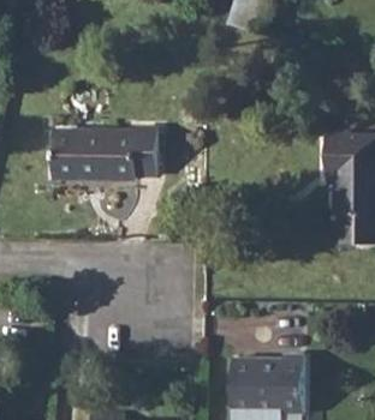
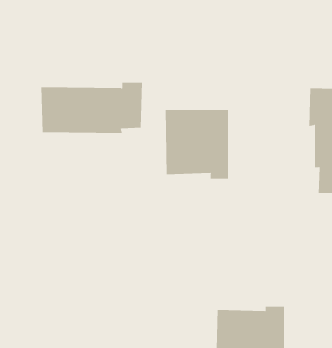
building: none -> [165,109,229,180]

